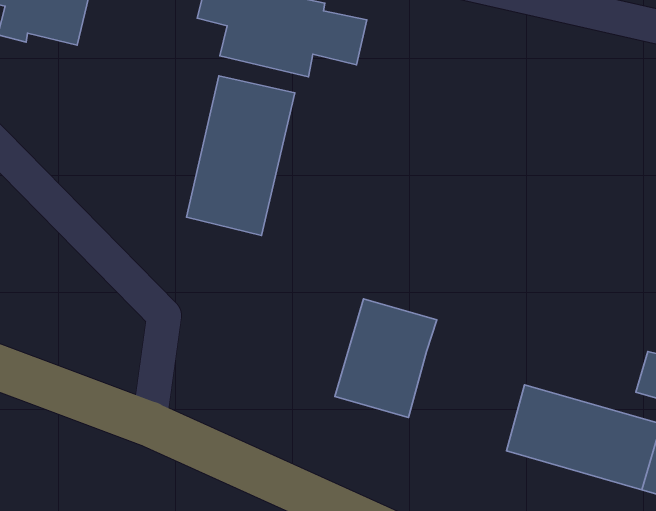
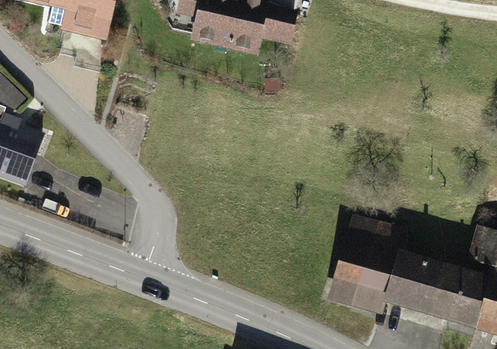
building: [186,76,295,235] -> none
building: [335,299,437,418] -> [339,222,407,301]

